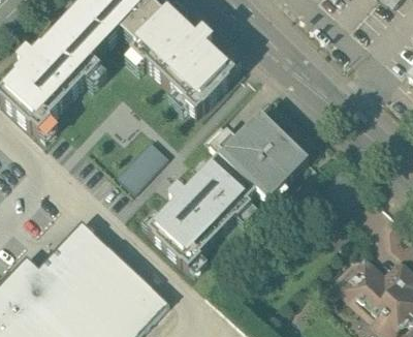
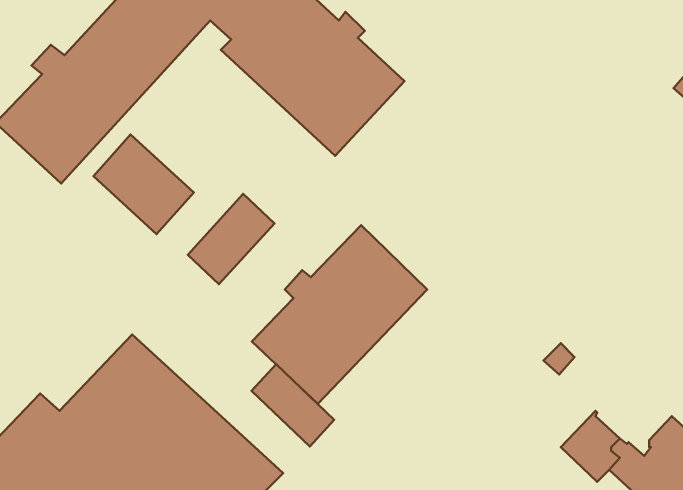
building: none -> [93,135,194,234]
building: [219,115,307,202] -> none
building: none -> [251,364,334,447]

